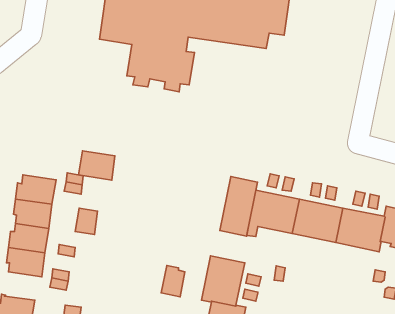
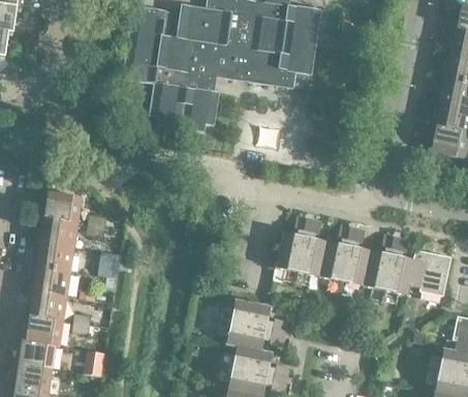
building: [78,151,115,180] -> [43,192,81,222]
building: [220,177,258,236] -> none
building: [161,265,185,297] -> none
building: none -> [25,316,63,346]

